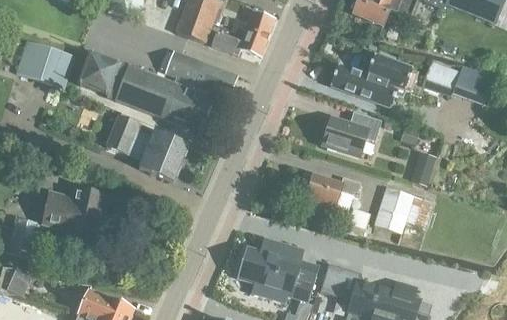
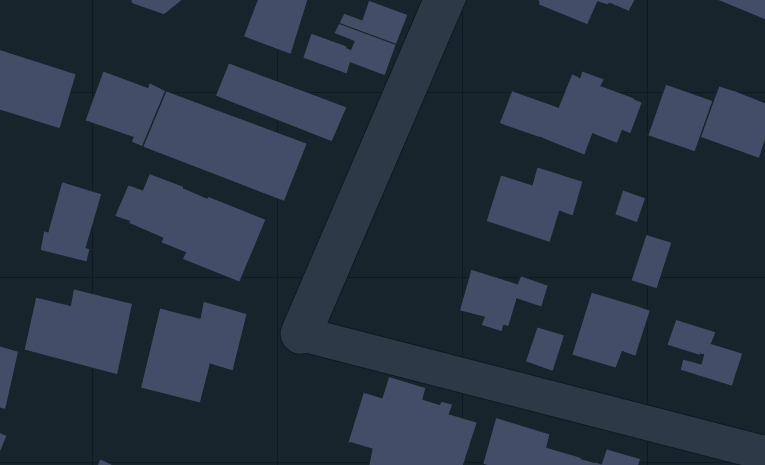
building: none -> [40,181,102,262]
building: none -> [141,301,247,403]
building: none -> [667,319,743,387]

